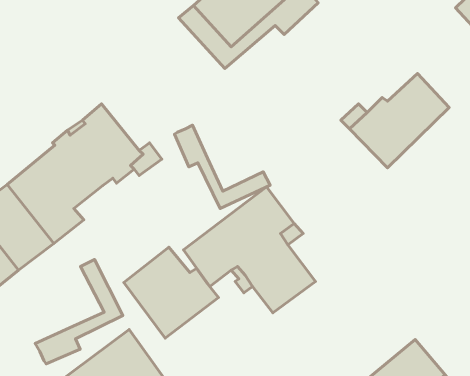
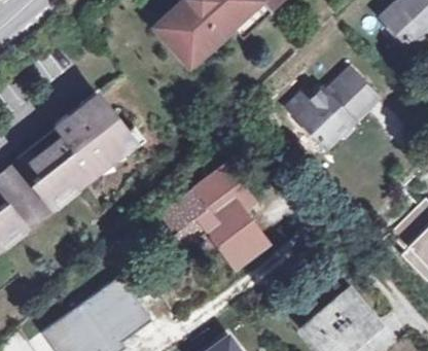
building: [175,125,270,208] -> none
building: [124,247,219,338] -> none
building: [35,259,123,364] -> none

